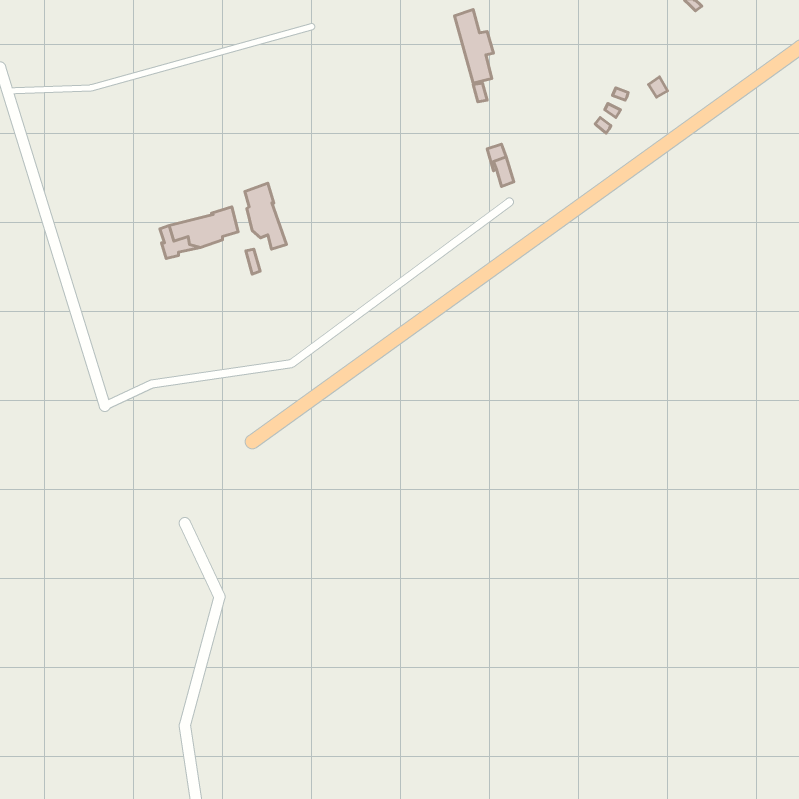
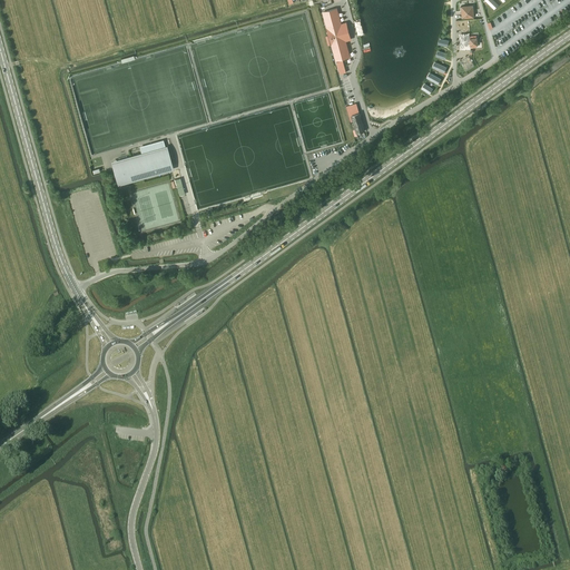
building: [245,183,286,249] -> none

